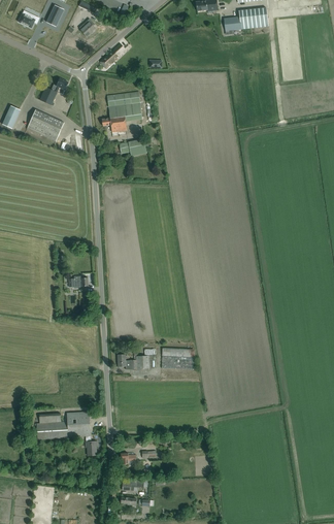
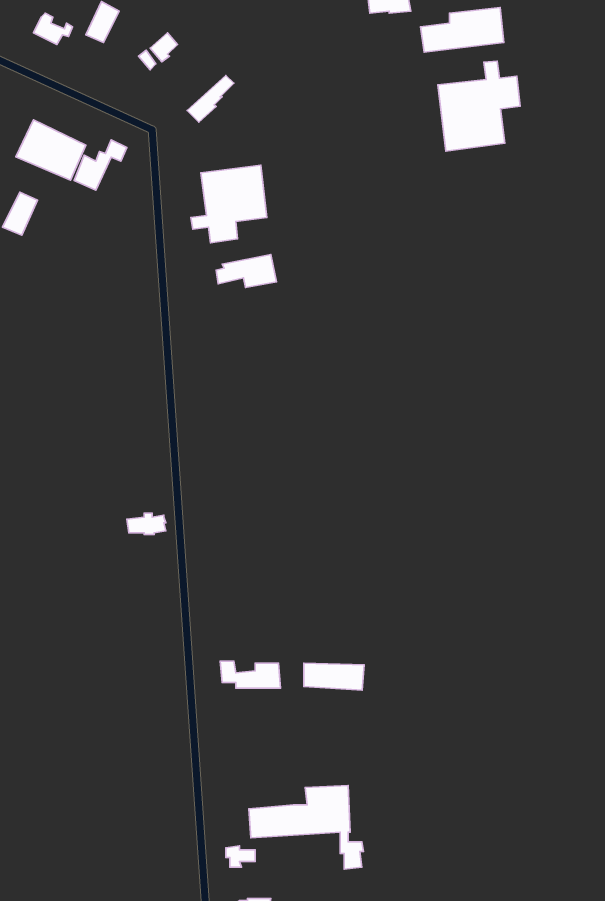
building: none -> [438,61,520,151]
building: [27,108,64,140] -> [16,120,86,180]
building: [37,411,98,455] -> [249,785,364,869]

